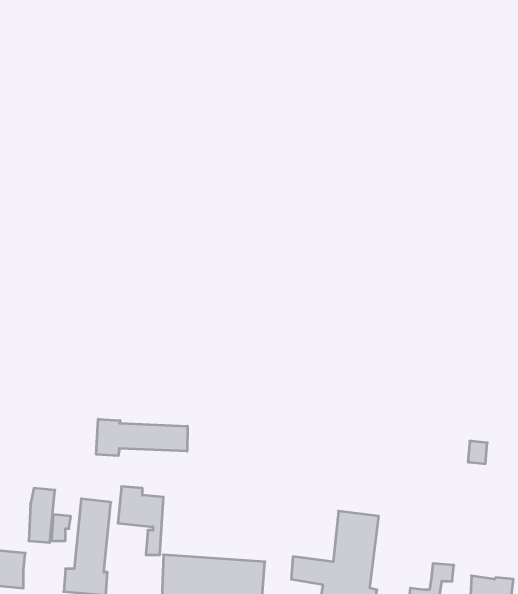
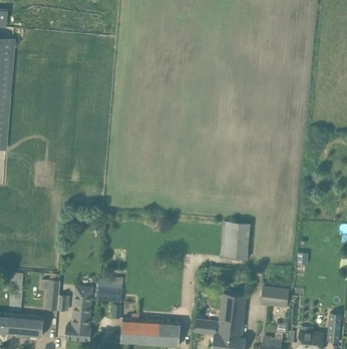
building: none -> [222,222,252,259]
building: [96,419,187,456] -> none
building: none -> [260,287,289,309]

